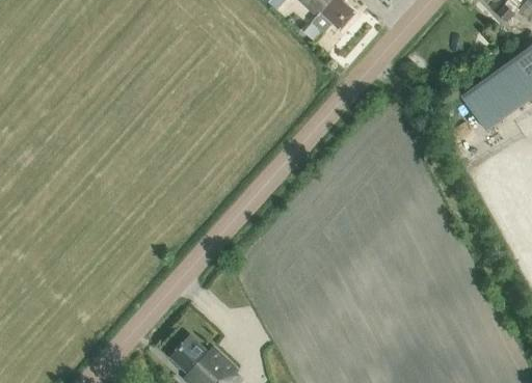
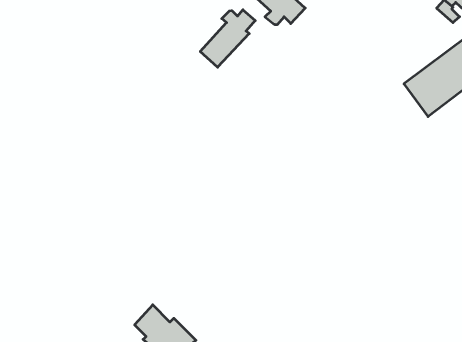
building: none -> [200,10,255,67]

